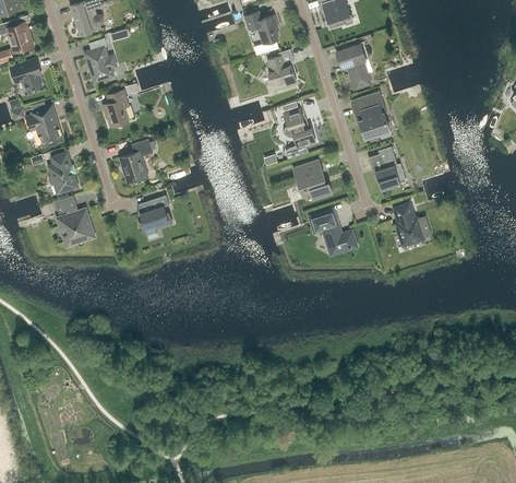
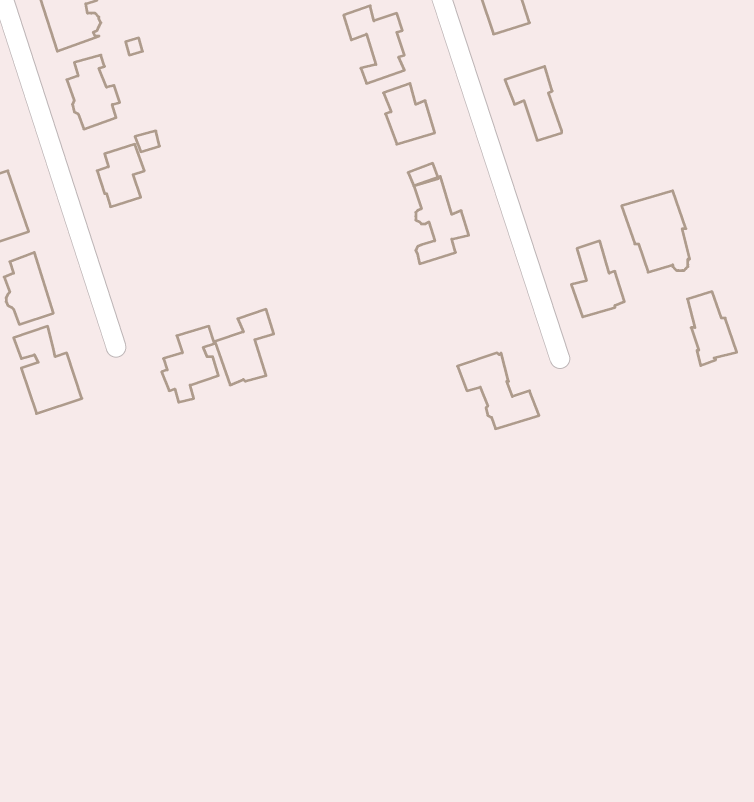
building: [350,91,389,138] -> [622,191,690,272]
building: [119,139,153,182] -> [215,309,274,385]
building: [293,160,332,199] -> none
building: [395,203,423,246] -> [687,292,737,366]

